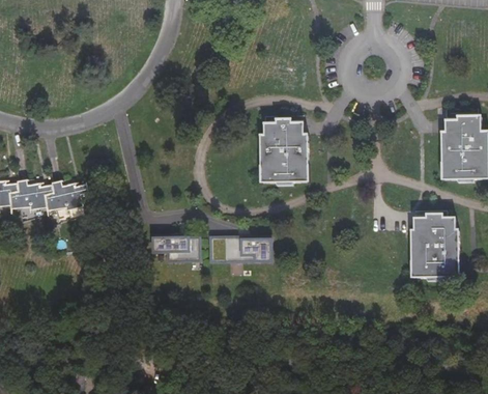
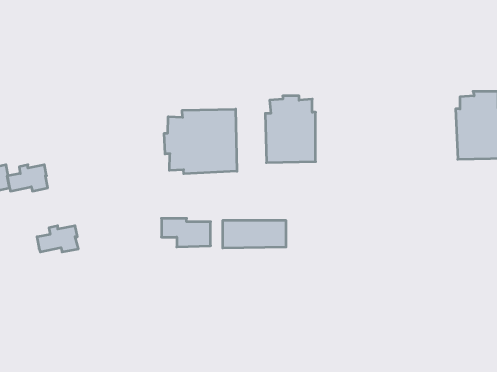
building: none -> [164,109,237,174]
building: [50,184,89,208] -> [37,226,78,252]
building: [410,214,459,276] -> none

